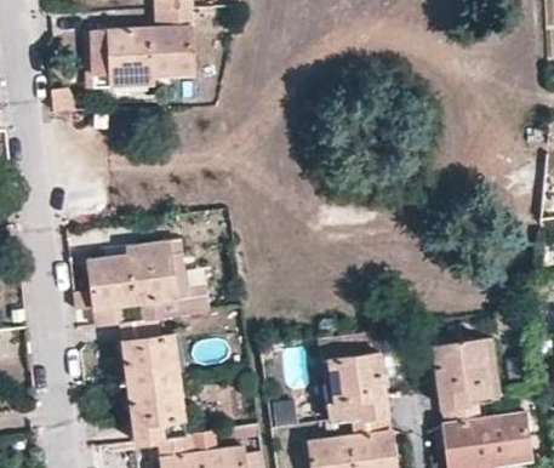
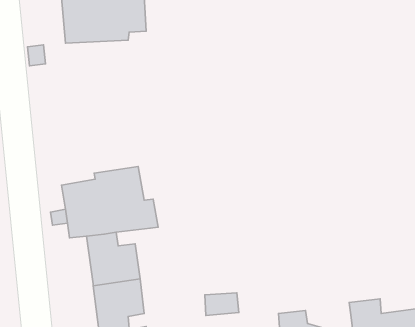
building: [419,338,496,404] -> none
building: [321,353,385,421] -> none

